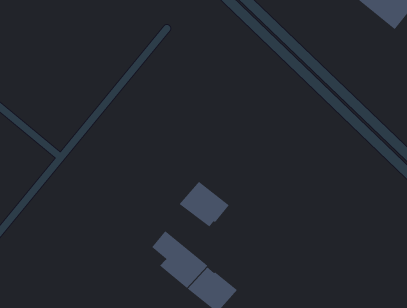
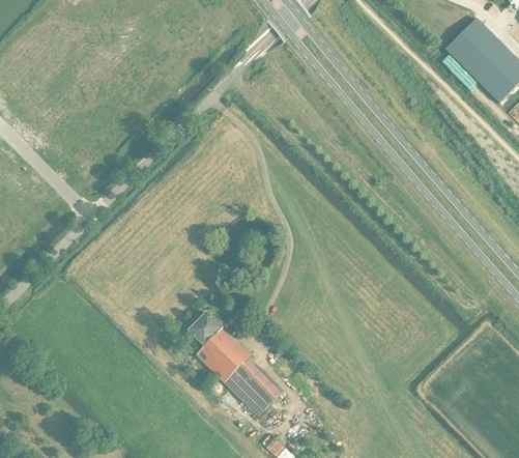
building: [179,181,230,228] -> none

